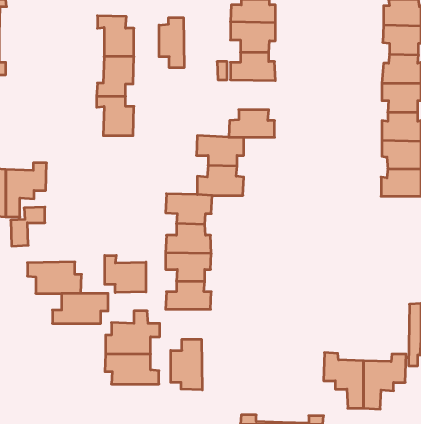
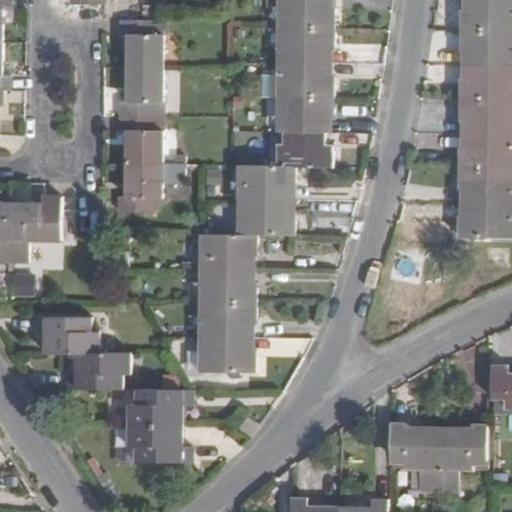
building: [159,18,184,68] -> none
building: none -> [276,96,331,132]
building: none -> [116,163,181,211]
building: [105,255,146,293] -> none
building: [171,339,202,390] -> none

